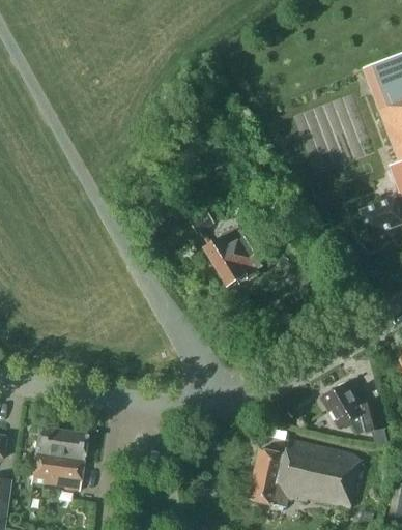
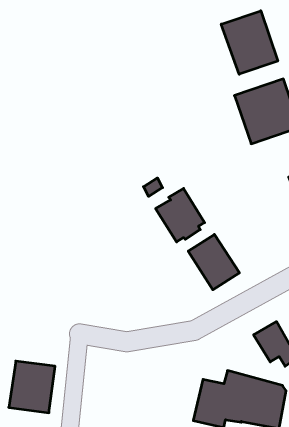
building: none -> [221,11,278,74]
building: none -> [188,234,239,290]

